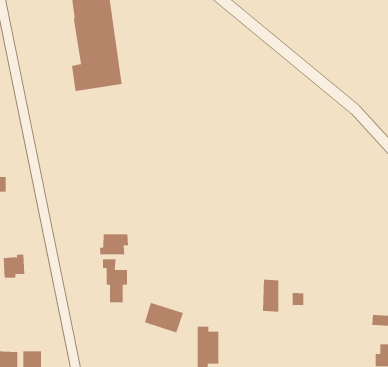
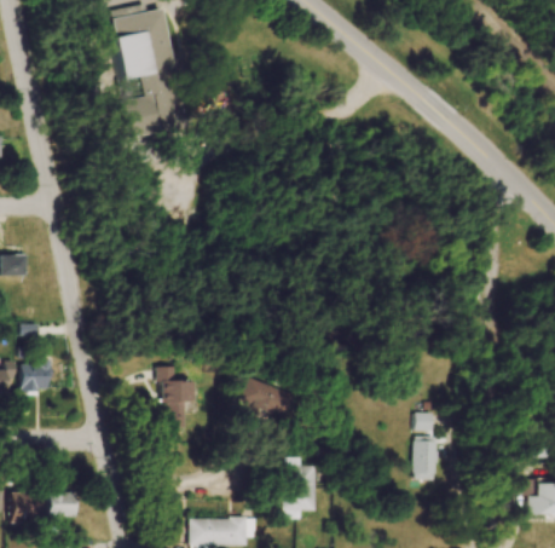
building: [99,233,129,255] -> none
building: [262,279,279,312] -> [414,435,437,480]
building: [144,302,184,333] -> [238,379,293,421]

